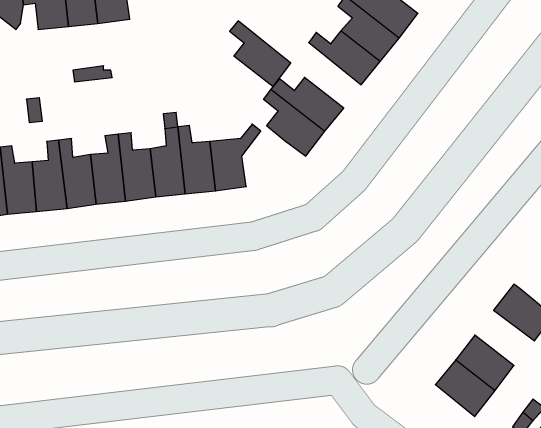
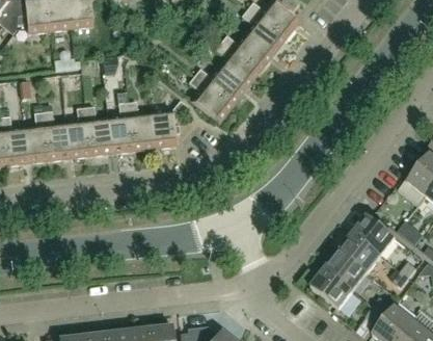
building: [230,21,291,86] -> [215,43,259,89]
building: none -> [340,234,382,273]

